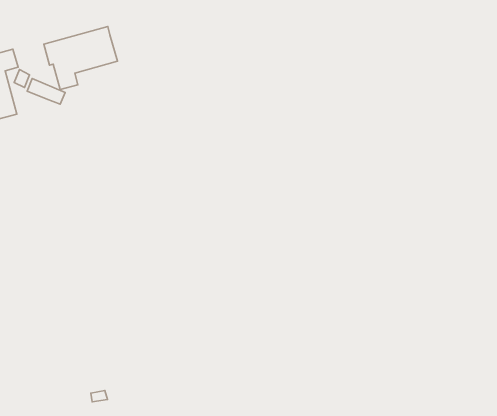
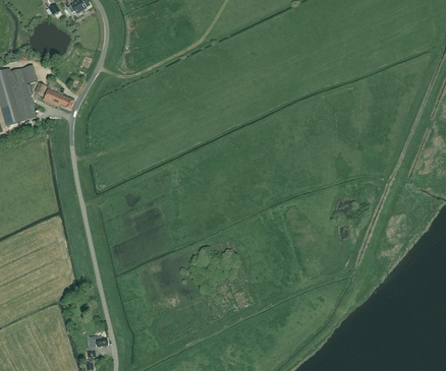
building: [44,27,117,89] -> none

